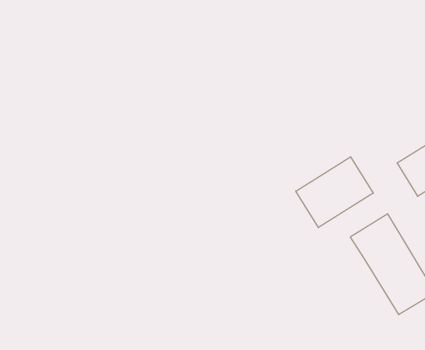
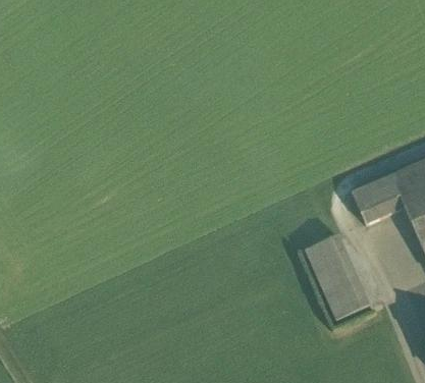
building: [296,157,373,228] -> none

